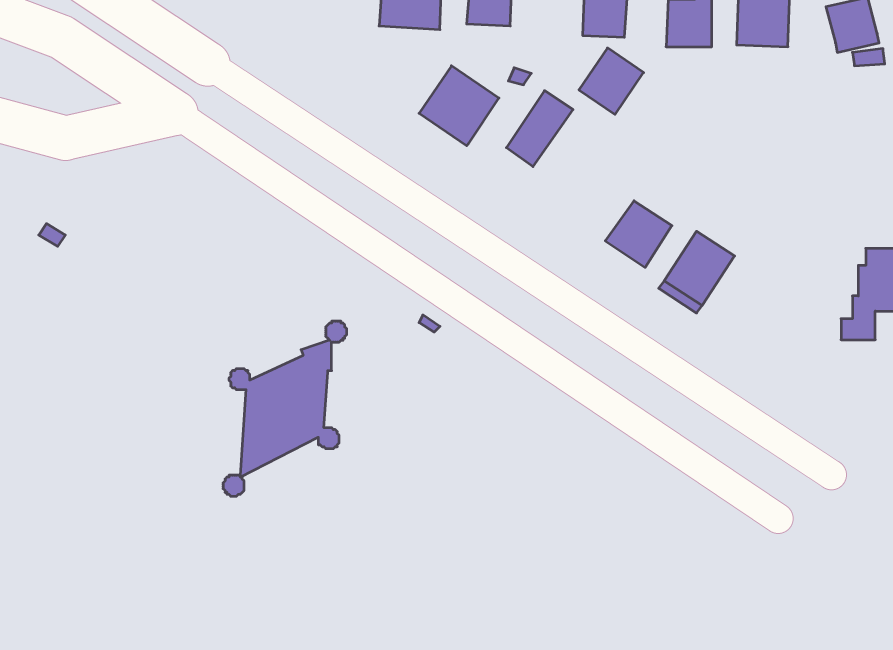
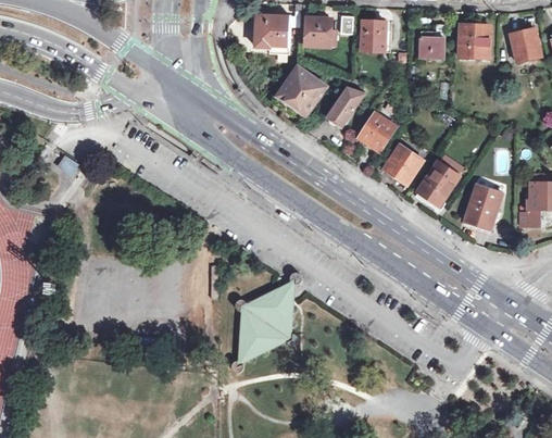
building: [579,48,644,114] -> [357,113,394,151]
building: none -> [463,184,501,229]
building: [223,321,347,496] -> [230,272,301,372]

